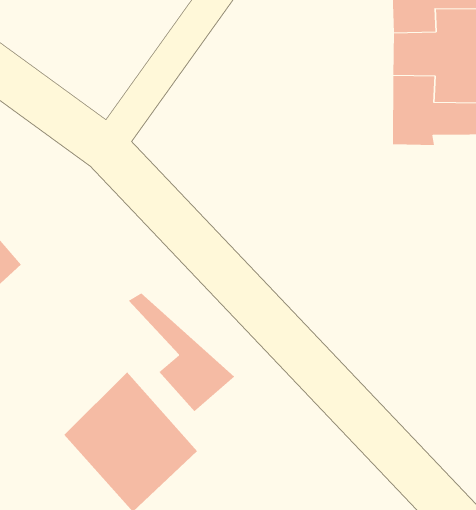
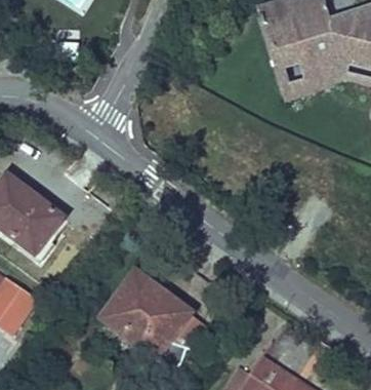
building: [128,293,235,412] -> none

